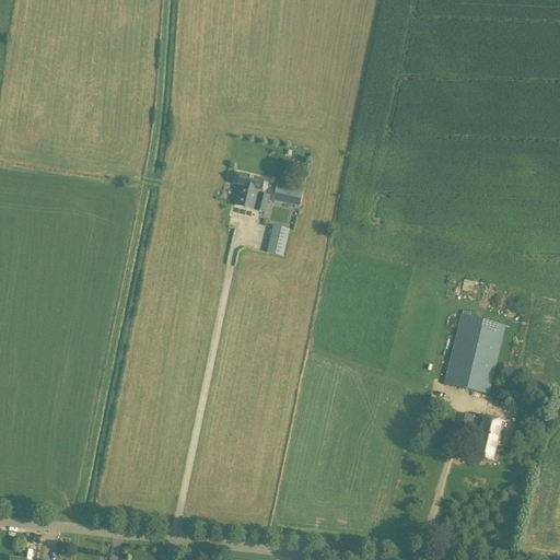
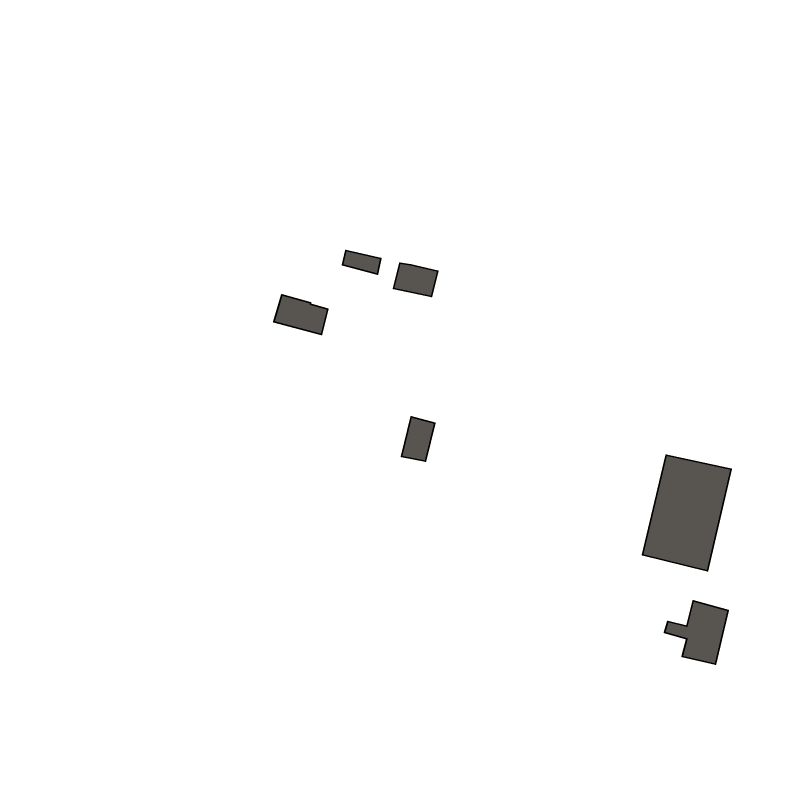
building: [232,185,269,212] -> [274,295,328,334]
building: [266,224,289,255] -> [402,417,435,461]

